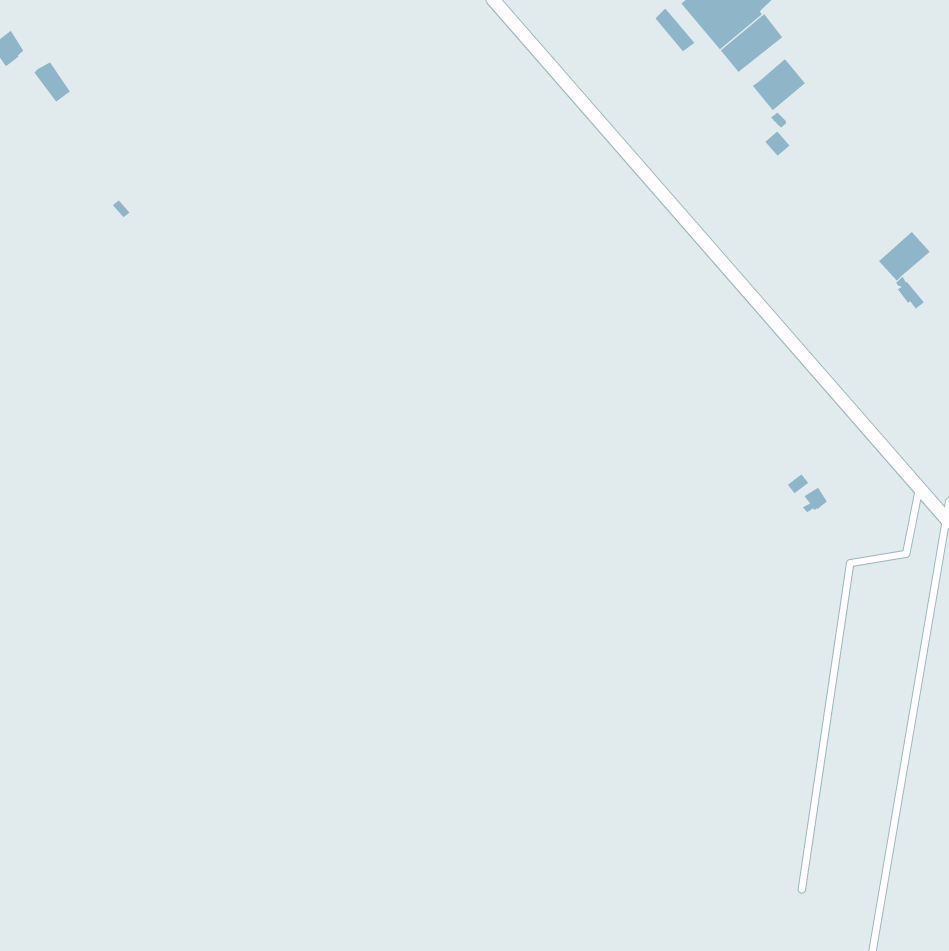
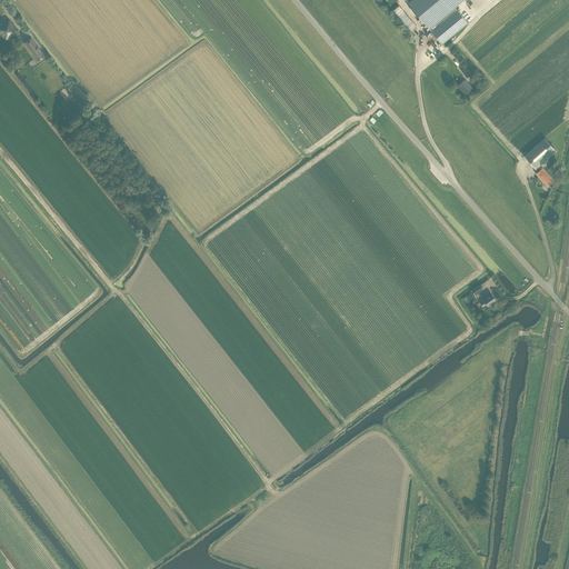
building: [752,58,806,111] -> none

